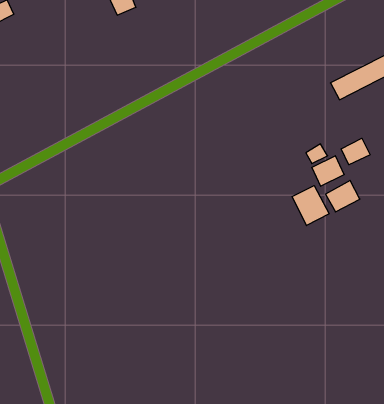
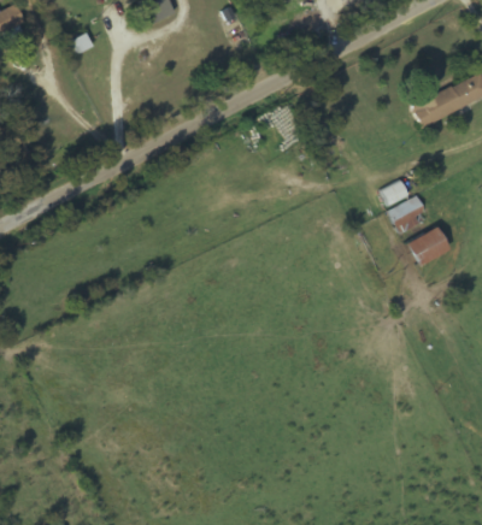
building: [341,138,370,165] -> none
building: [292,186,329,226] -> none

